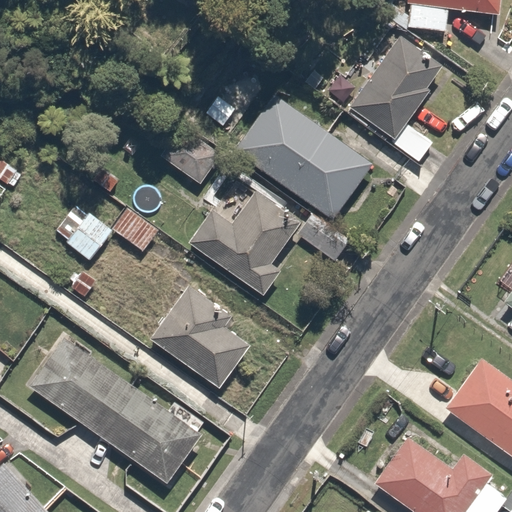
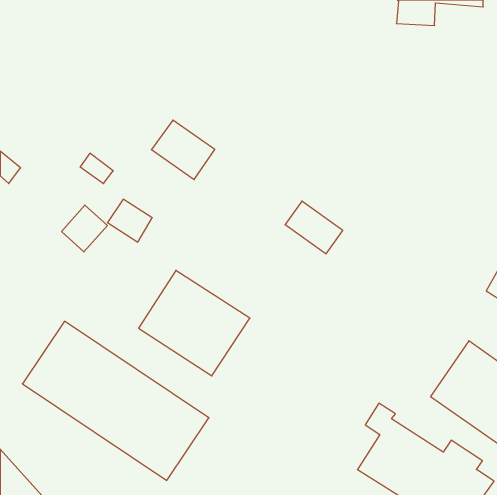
building: [345,32,447,165] -> none
building: [234,92,371,218] -> none
building: [190,190,296,295] -> none

